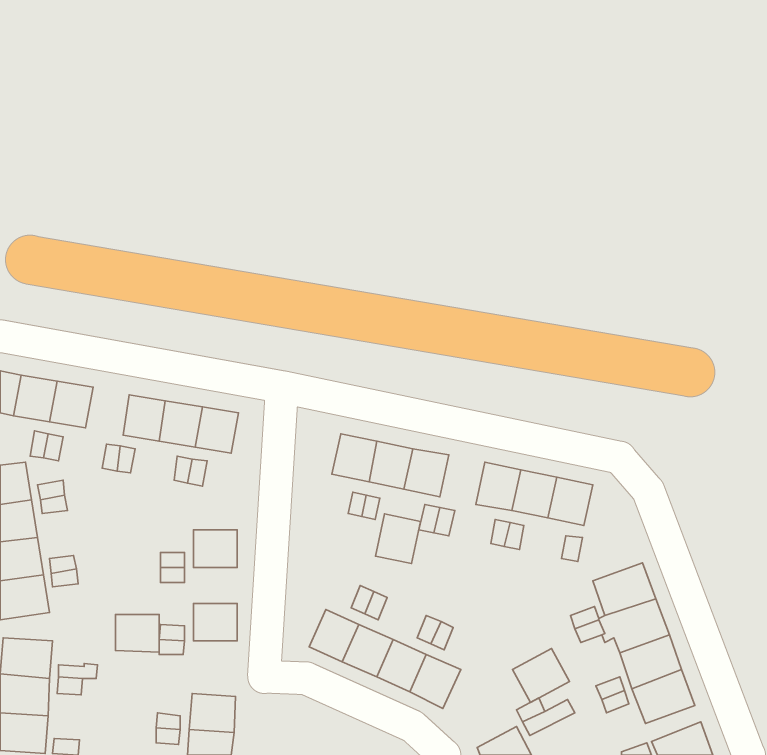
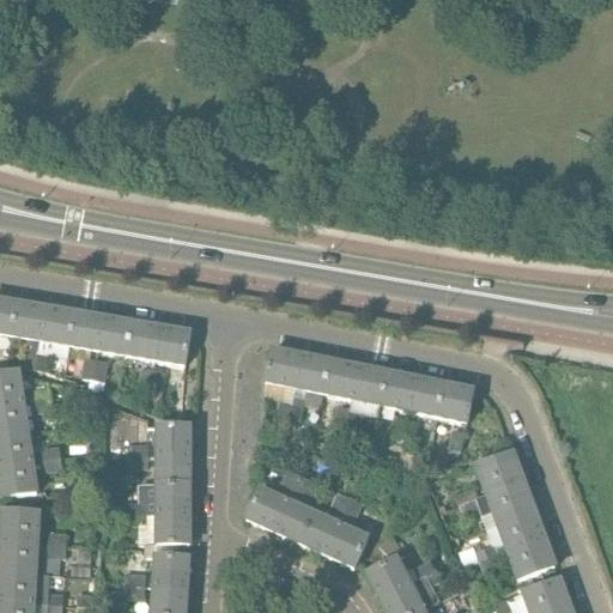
building: none -> [68,309,103,347]
building: [375,514,420,564] -> [351,363,387,402]
building: none -> [154,453,189,481]
building: [116,615,159,652] -> [154,511,189,541]
building: [512,648,569,702] -> [366,553,412,596]

